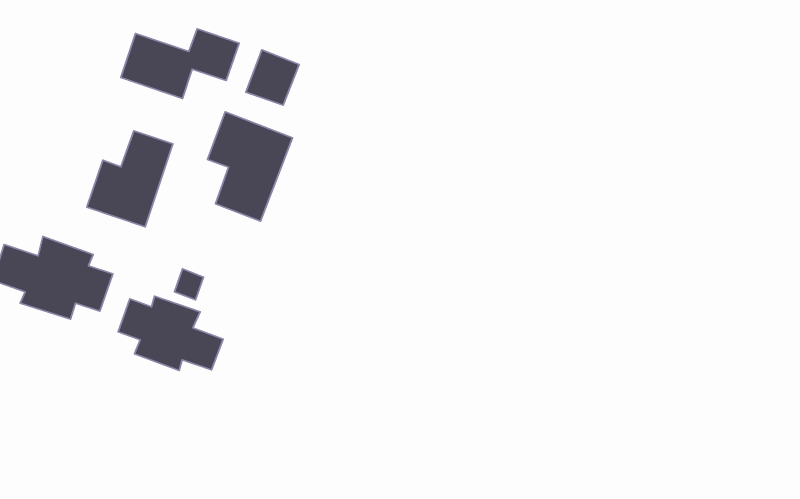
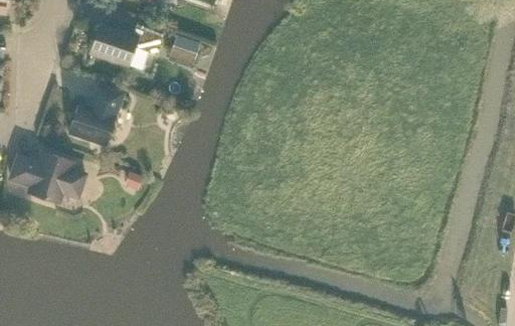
building: [207,112,293,221] -> none
building: [118,296,223,370] -> none

